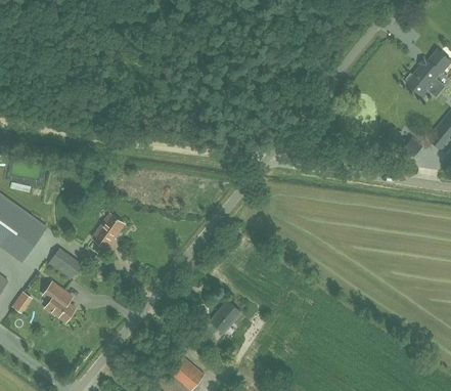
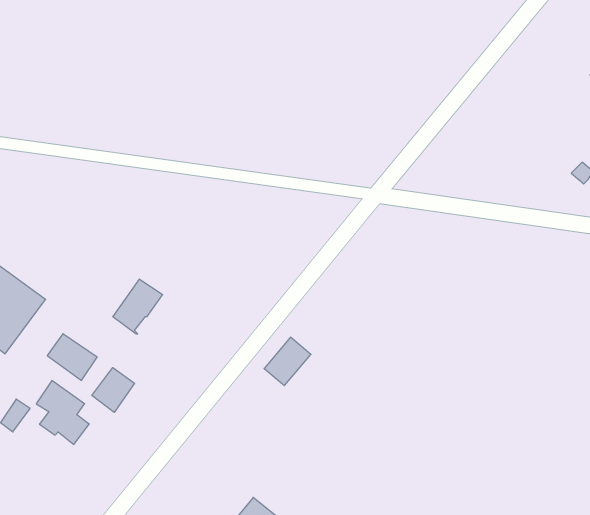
building: none -> [92,368,135,412]
building: [211,301,241,333] -> [264,337,311,386]

